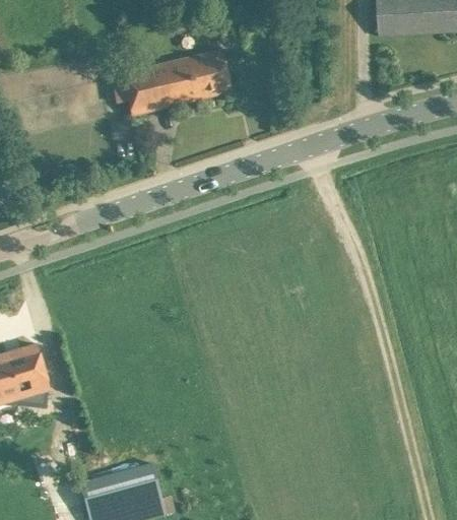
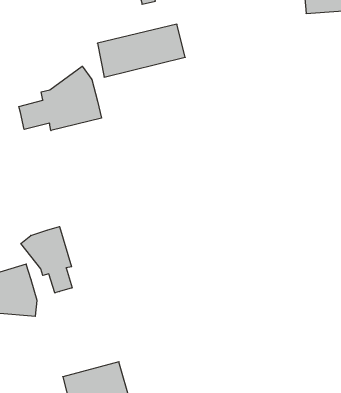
building: none -> [19,66,101,131]
building: none -> [21,227,72,293]

